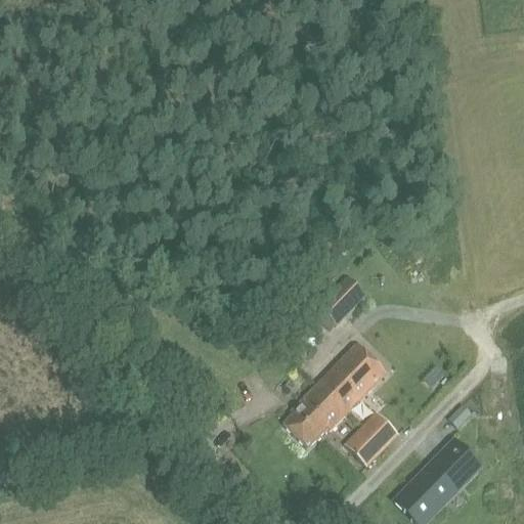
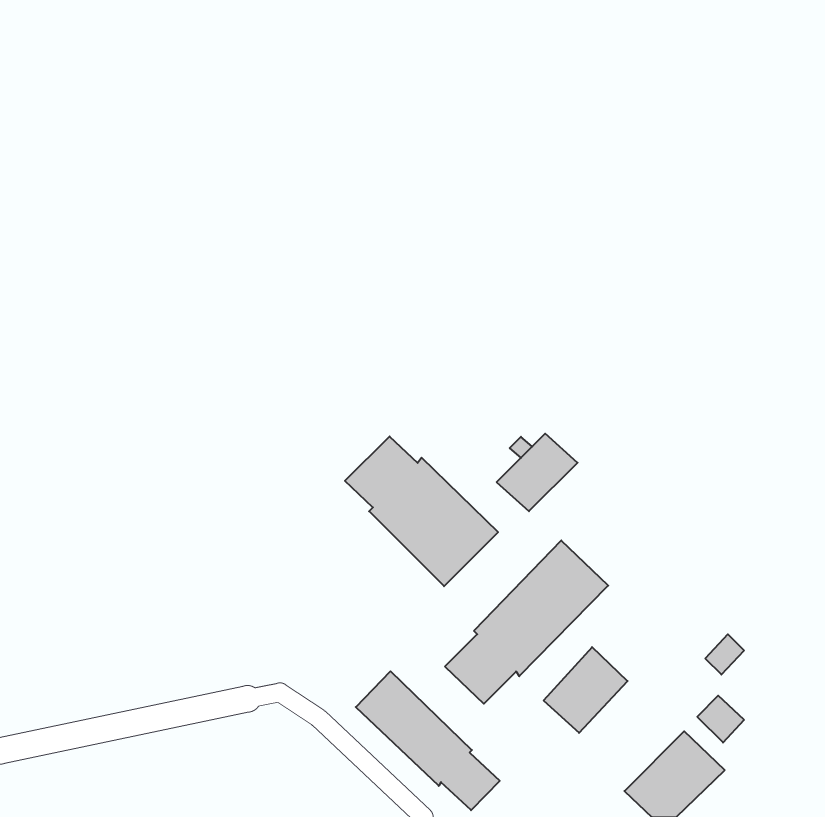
building: none -> [345,436,498,586]
building: none -> [356,671,500,810]

